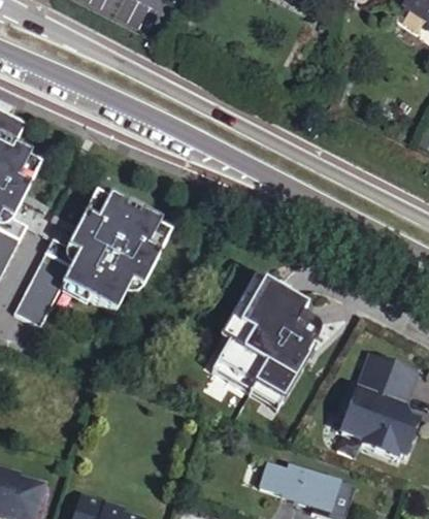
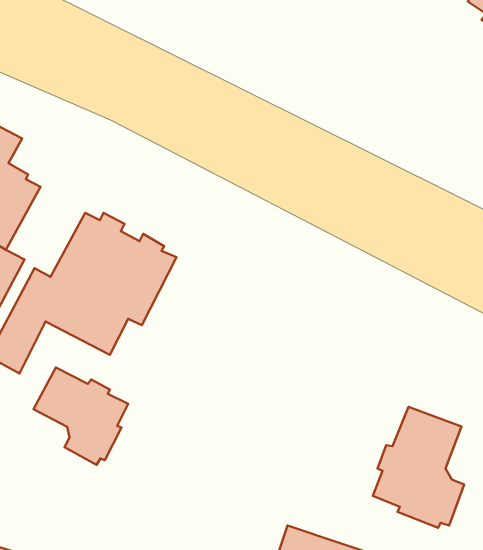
building: [208,279,317,407] -> none
building: none -> [33,368,128,465]

